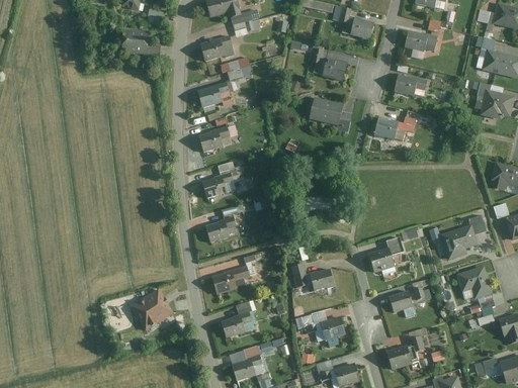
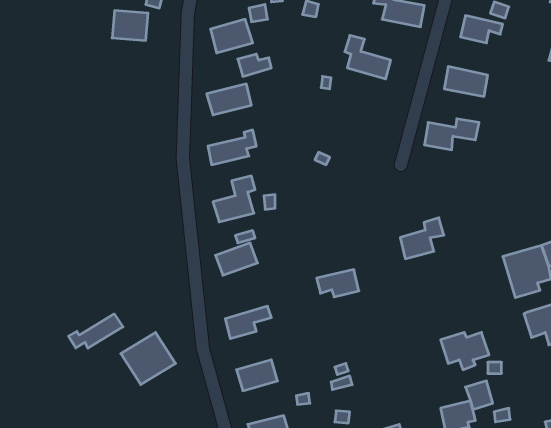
building: [308,95,351,133] -> none
building: [368,237,404,271] -> [400,218,444,259]
building: [299,268,334,290] -> [317,270,359,297]
building: none -> [69,314,123,348]
building: [321,321,346,349] -> none

